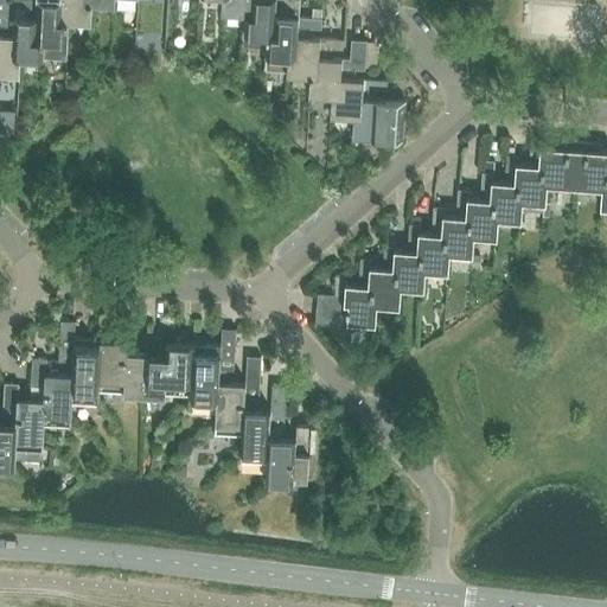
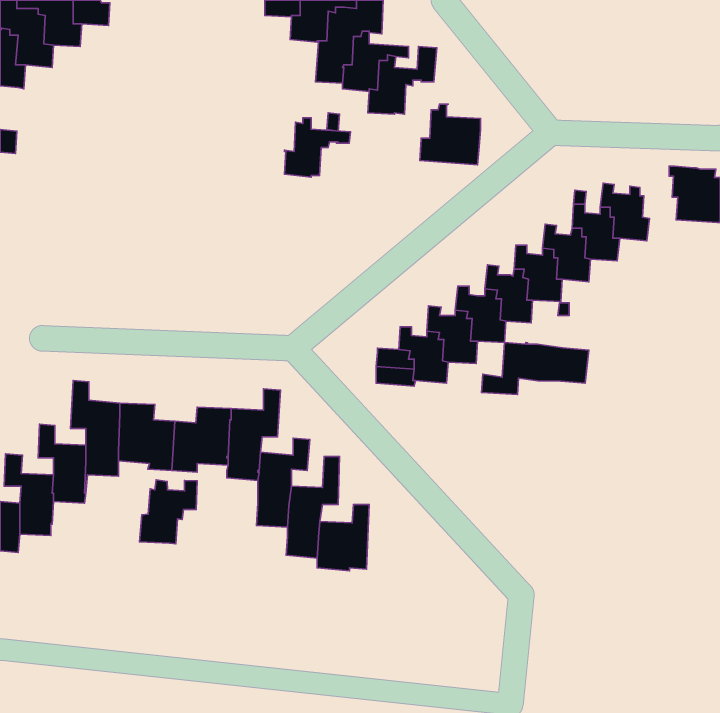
building: [332,74,388,123] -> [284,118,351,177]
building: [530,143,570,191] -> none
building: none -> [482,342,589,395]
building: none -> [140,480,197,544]

